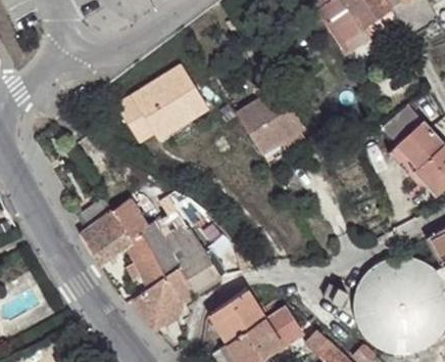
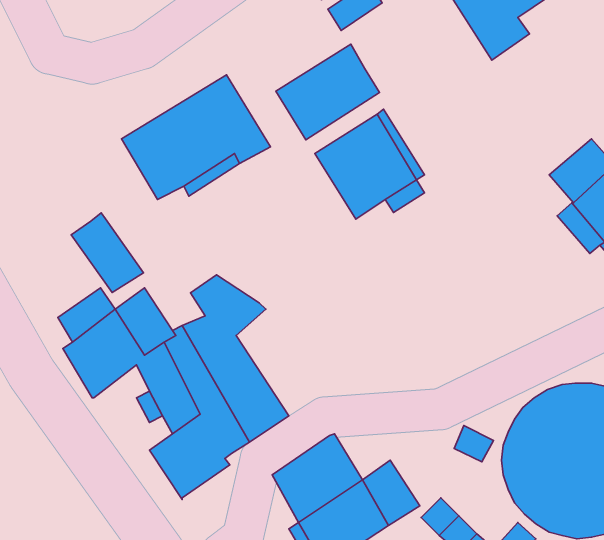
building: none -> [276,44,379,140]
building: none -> [71,213,143,292]

